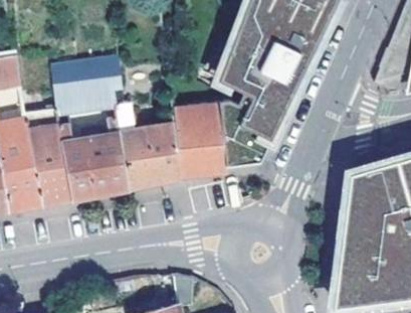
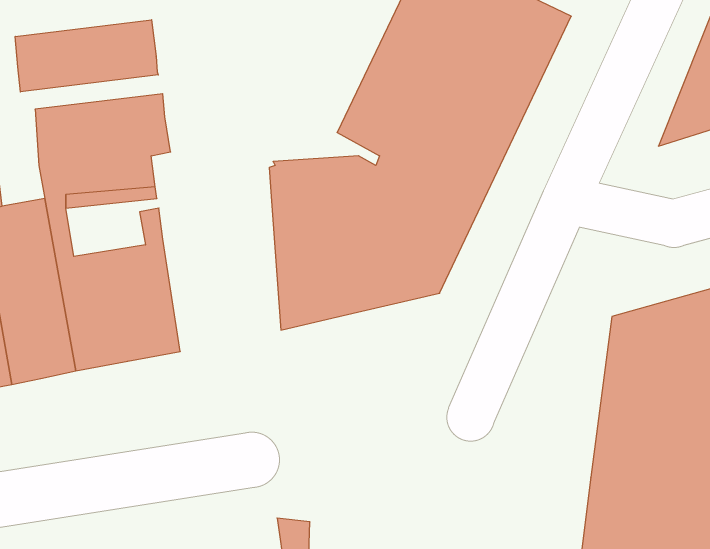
building: none -> [15,20,158,92]
building: [118,110,179,190] -> none

